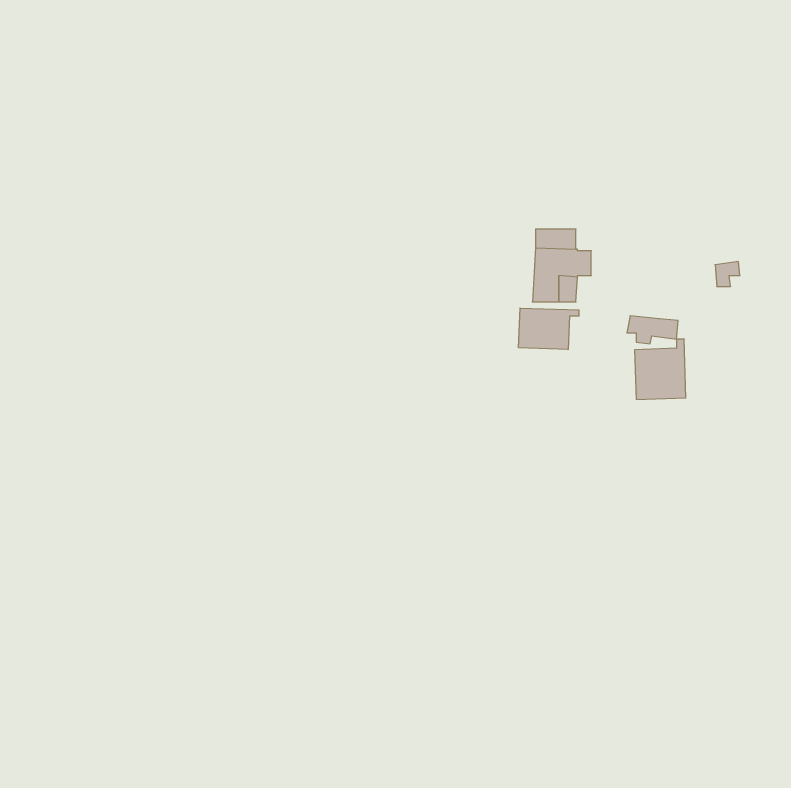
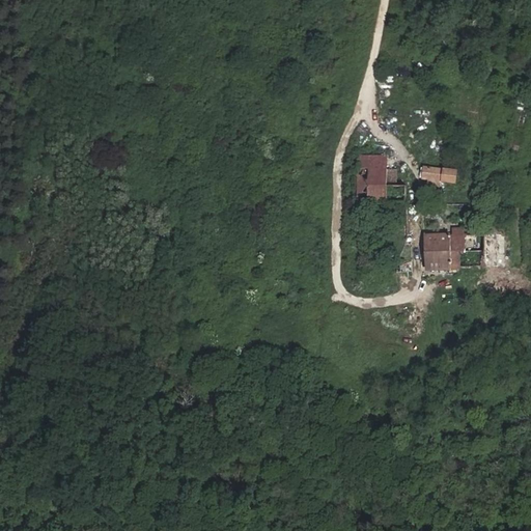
building: [519,308,579,350] -> none
building: [627,316,678,344] -> [422,166,456,185]

